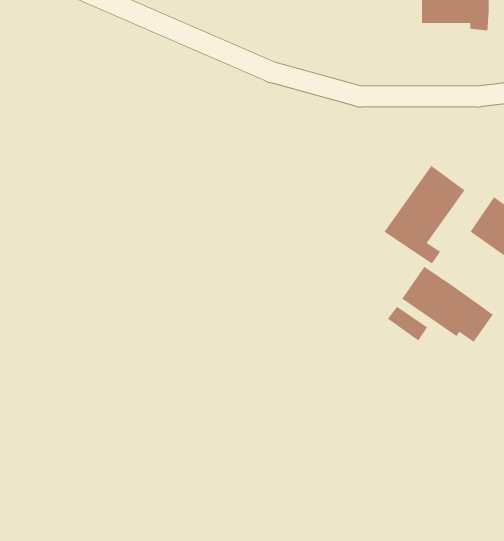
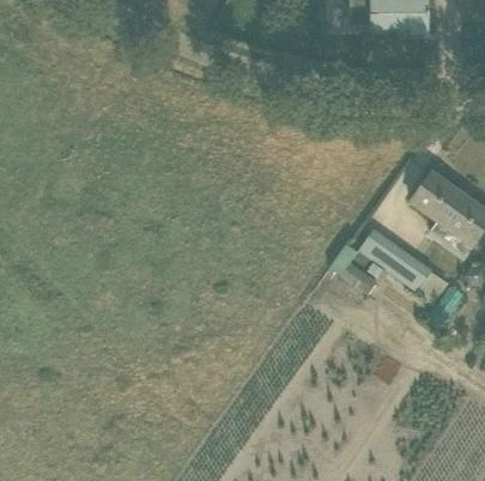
building: [384,165,465,264] -> none

